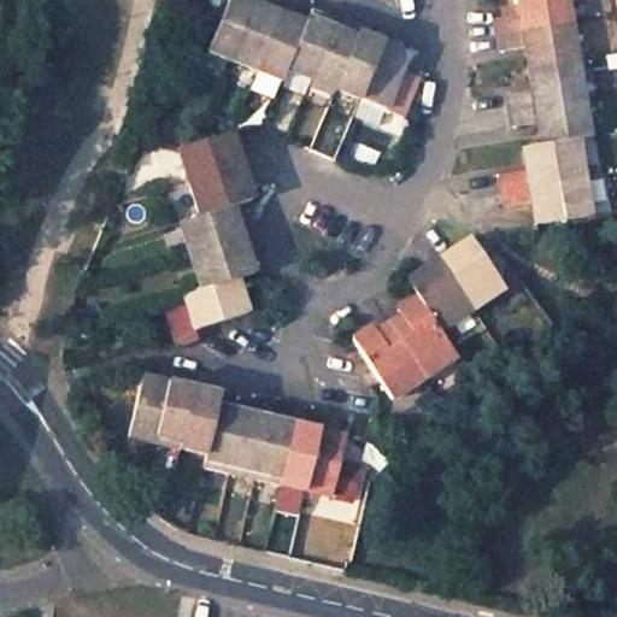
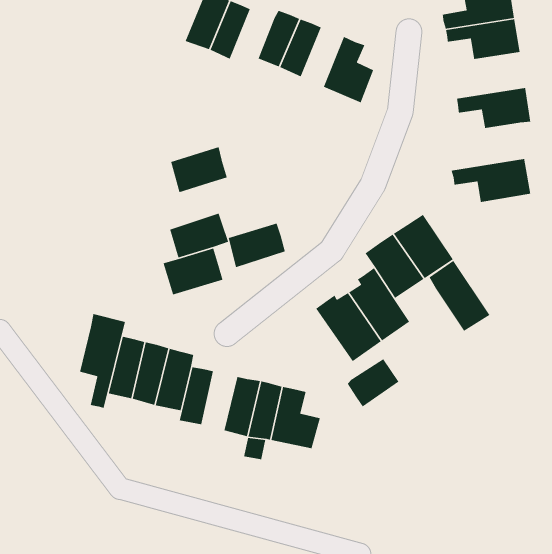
building: [260,10,308,77] -> none
building: [339,30,386,96] -> none
building: [507,58,587,108] -> none
building: [184,127,248,178] -> none
building: [501,136,586,188] -> none
building: [184,202,248,253] -> [228,222,286,268]
building: none -> [428,260,490,332]
building: none -> [79,313,126,409]
building: none -> [347,358,400,408]
building: [229,410,268,476] -> none

